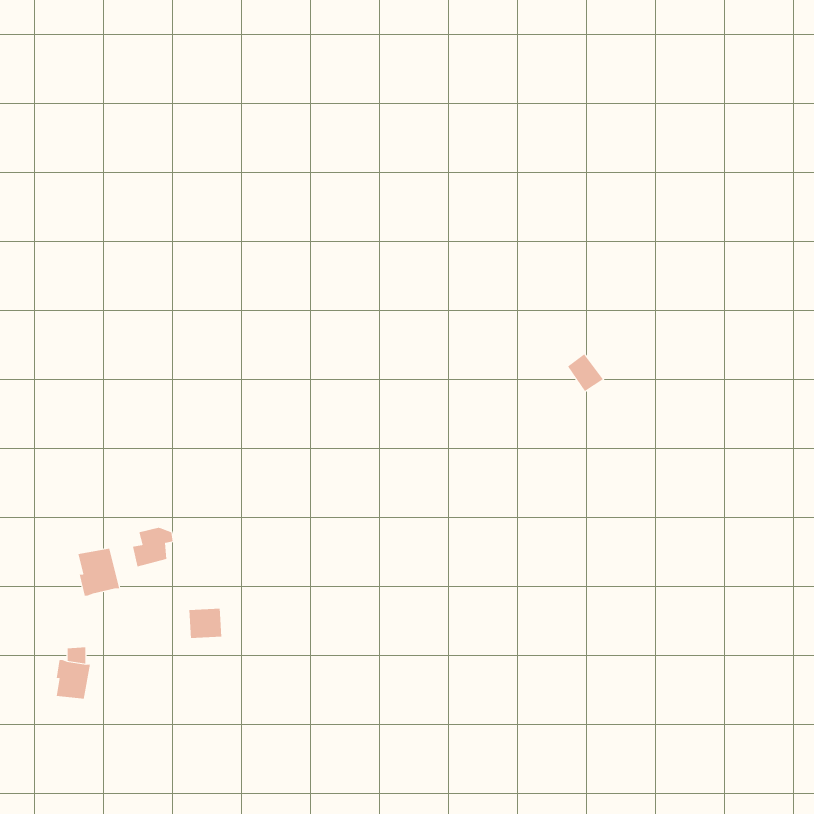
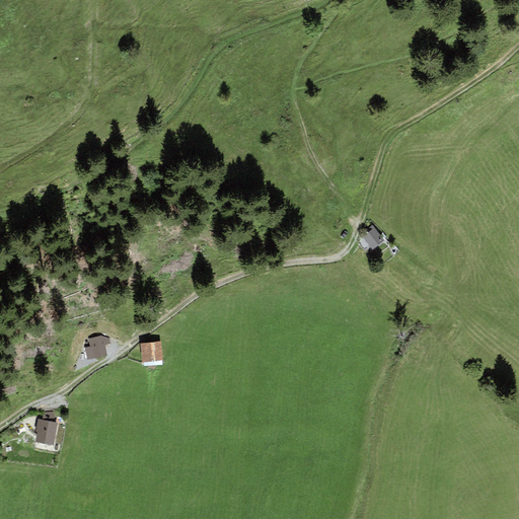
building: [78,548,120,596] -> none
building: [189,608,222,638] -> [141,343,162,362]

